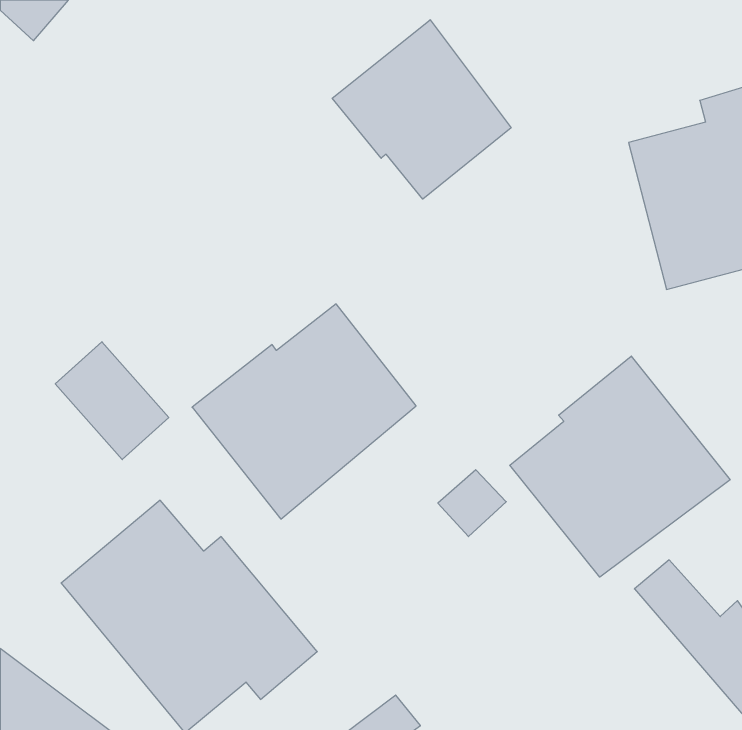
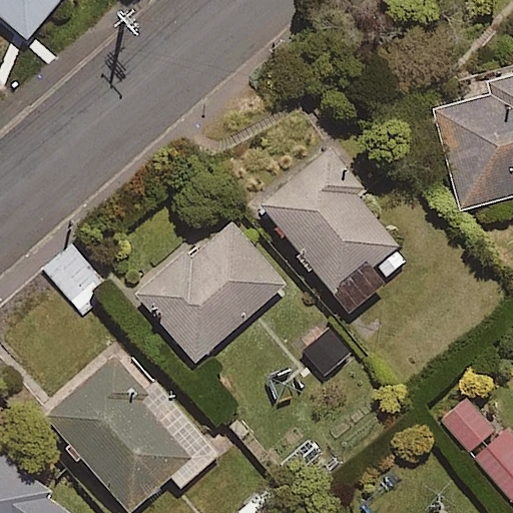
building: [332,20,511,199] -> none
building: none -> [259,152,412,315]
building: [510,356,730,577] -> none

